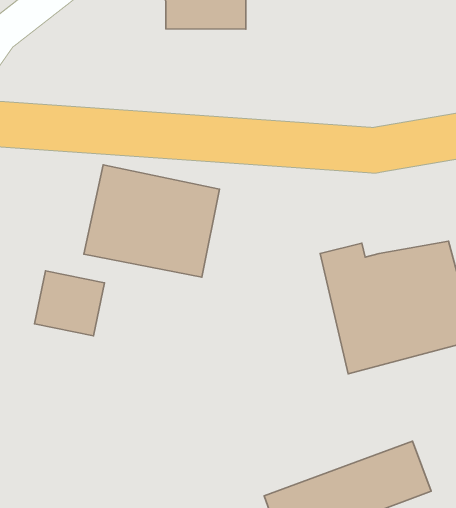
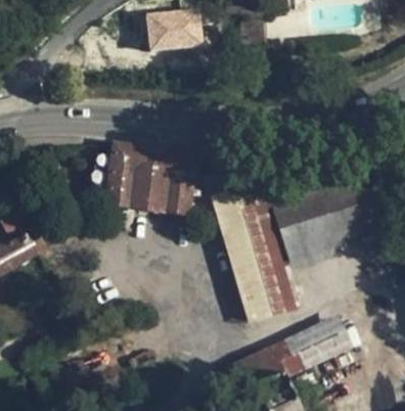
building: none -> [216,186,292,319]
building: [34,271,104,336] -> none

